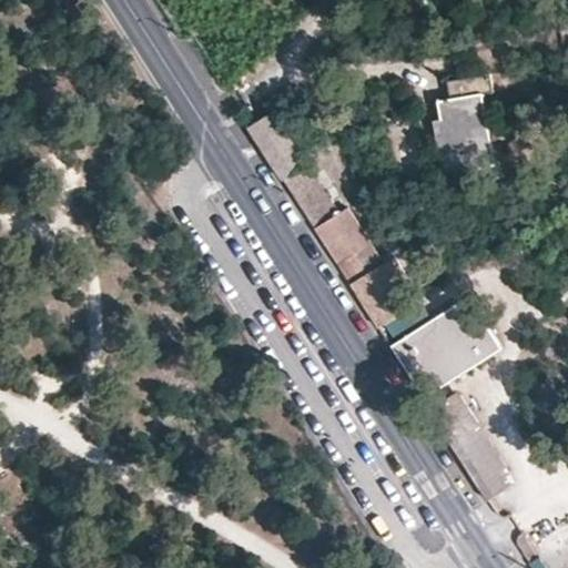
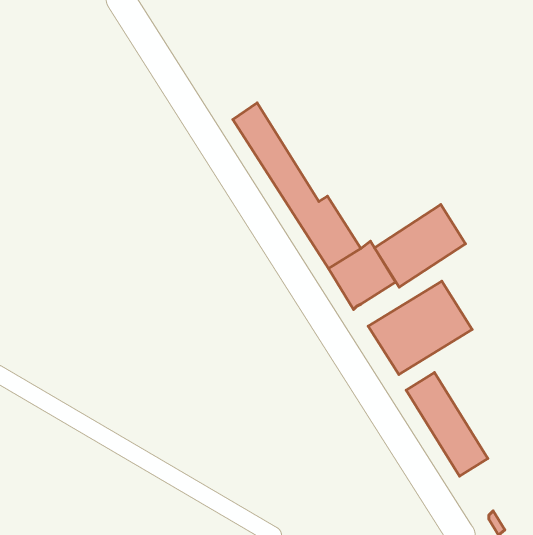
building: [436,71,494,175] -> none
building: none -> [374,205,466,287]

